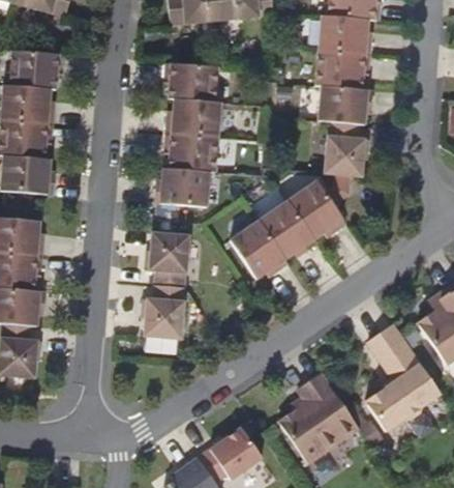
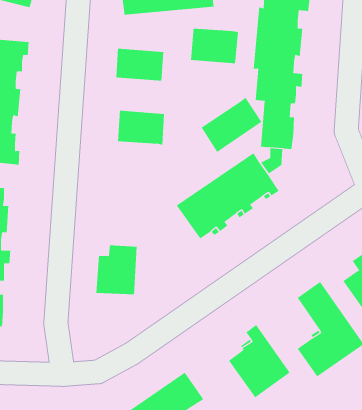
building: [165,95,220,136] -> [190,28,239,64]
building: none -> [201,97,262,153]
building: [156,166,209,206] -> none
building: [143,228,190,286] -> none

